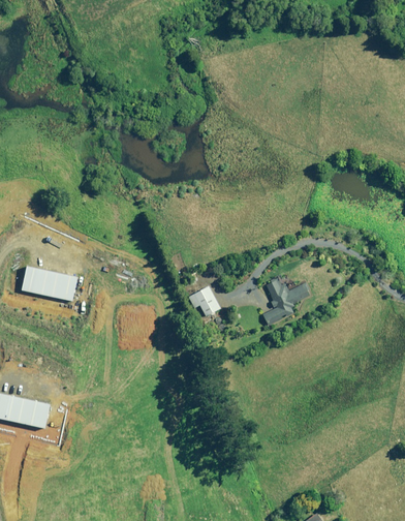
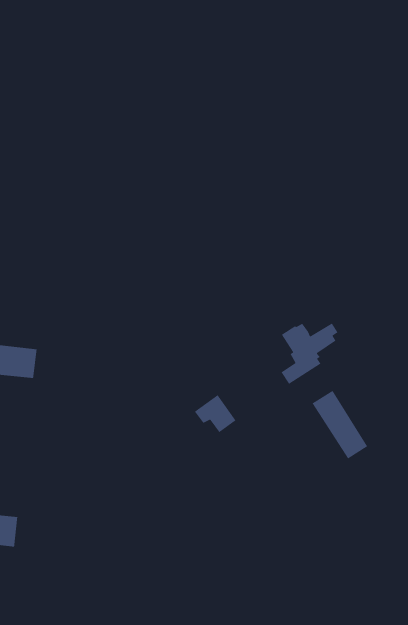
building: [188,285,220,315] -> [194,394,237,433]
building: none -> [312,390,368,460]

